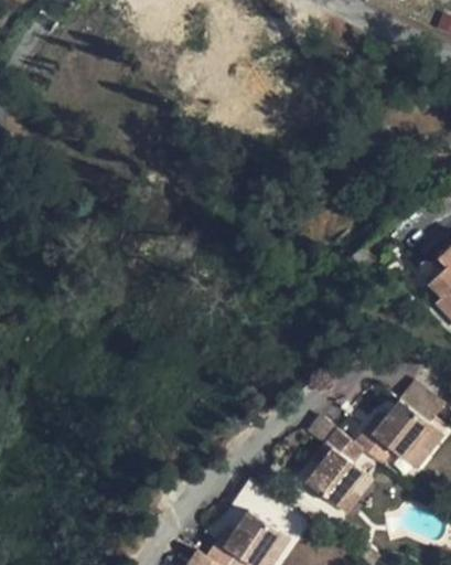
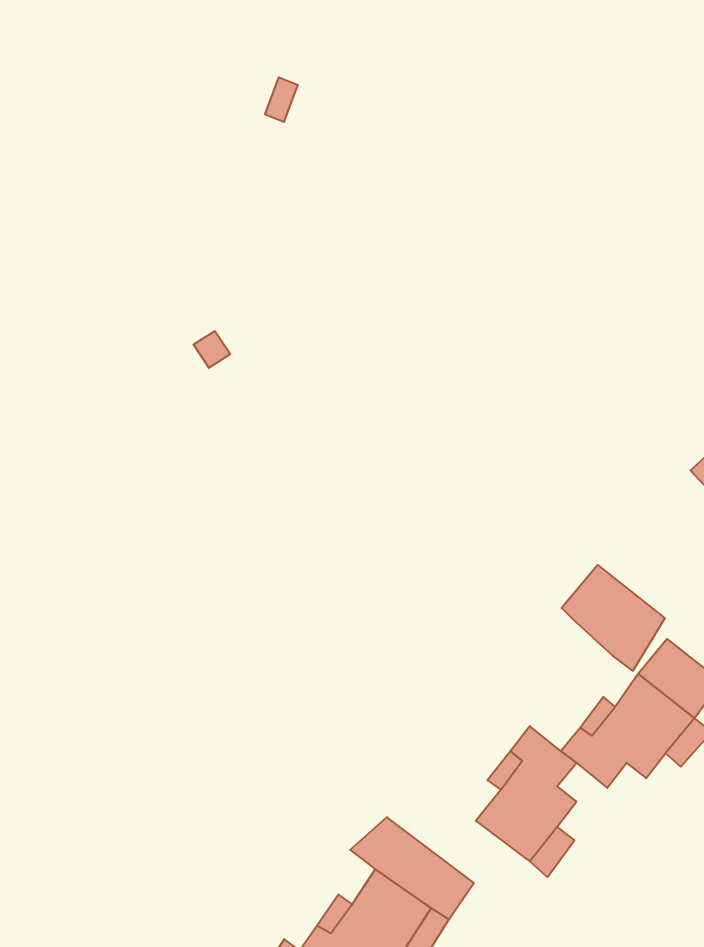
building: none -> [561,565,665,671]

